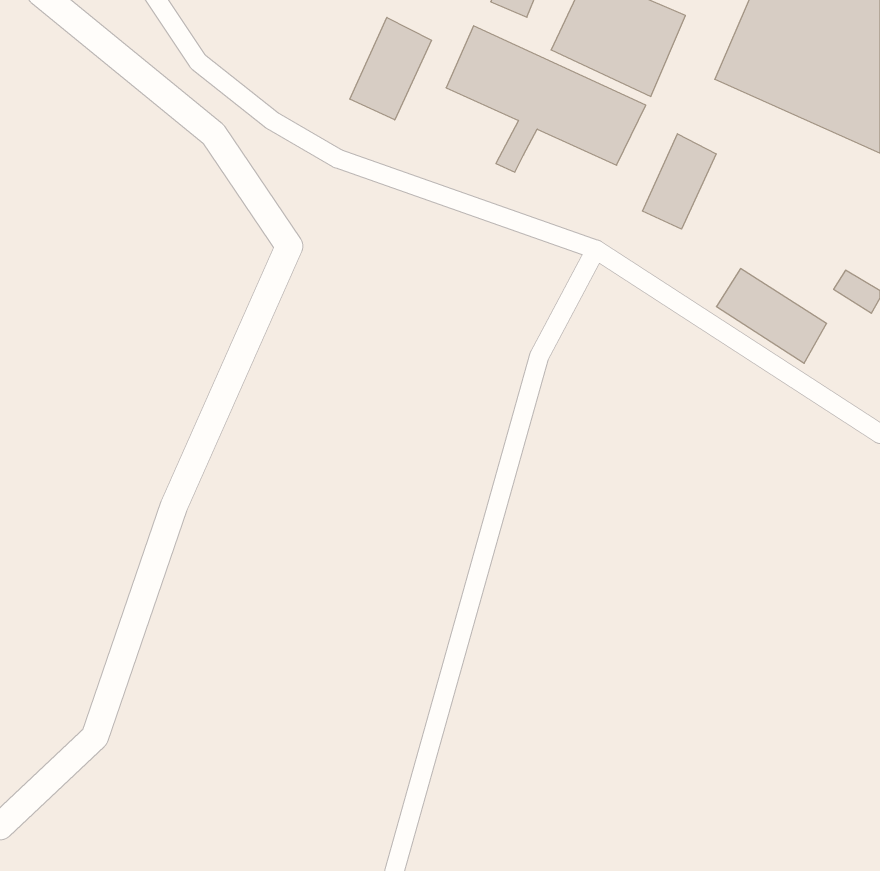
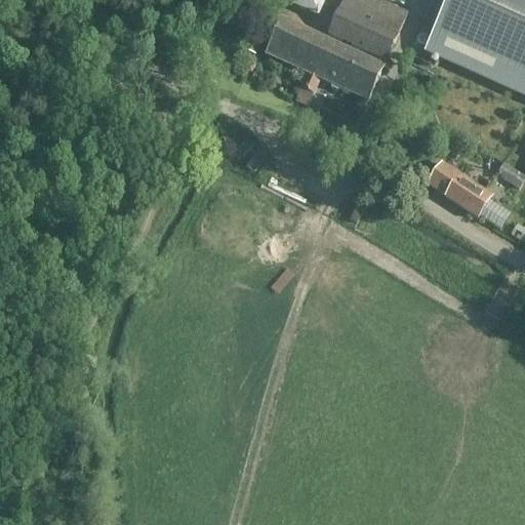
building: [350,17,431,120] -> none
building: [642,134,716,229] -> none

